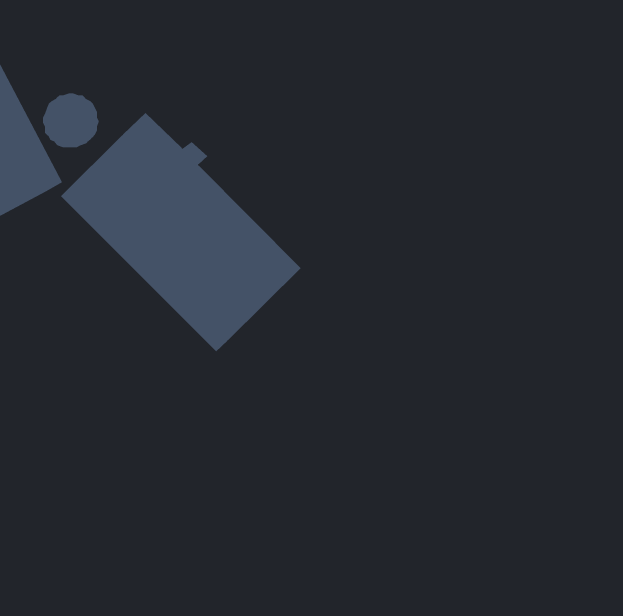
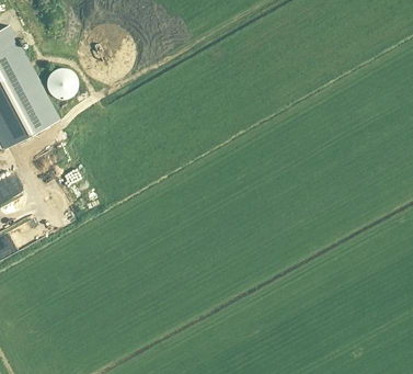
building: [60,112,302,352] -> none

